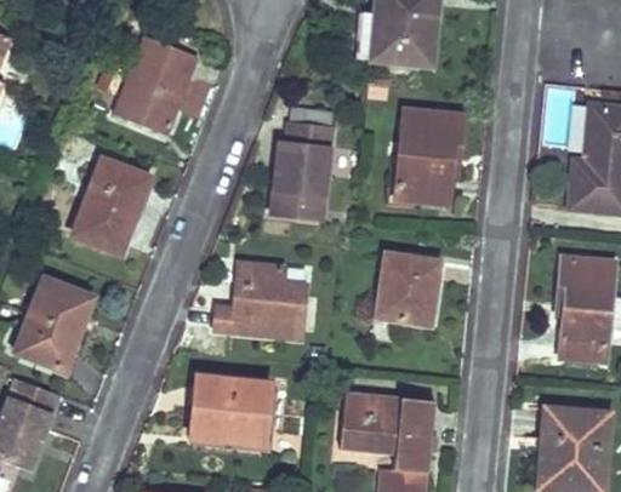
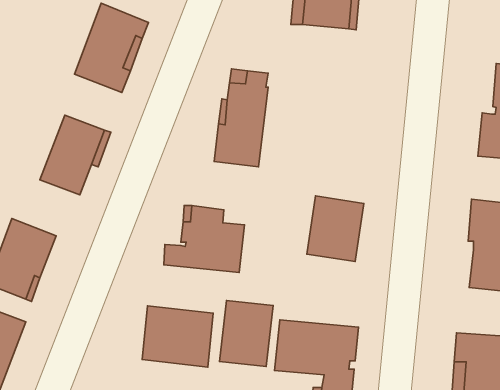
building: [394,109,463,204] -> none
building: none -> [220,300,273,367]

